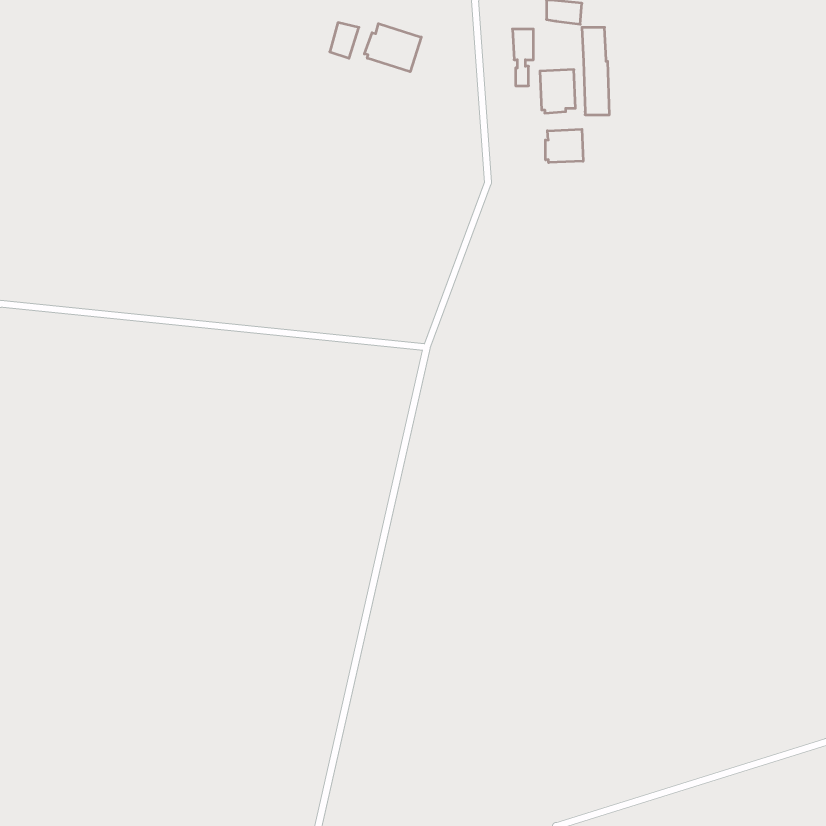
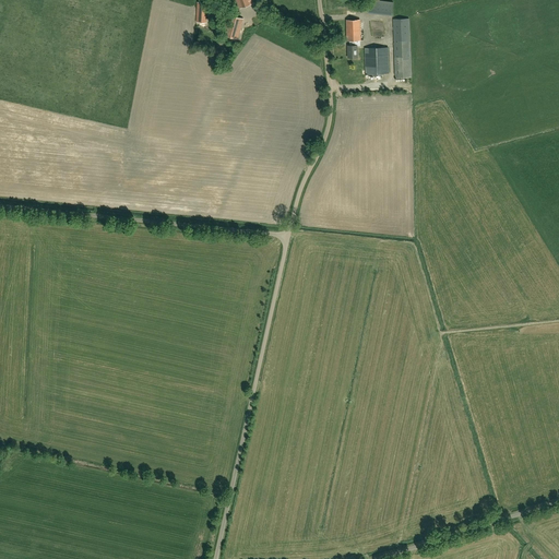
building: [364,24,421,72] -> none
building: [545,129,583,163] -> none

